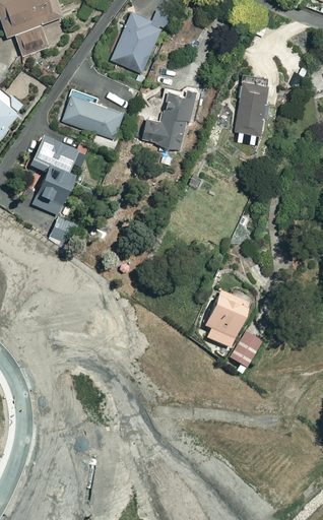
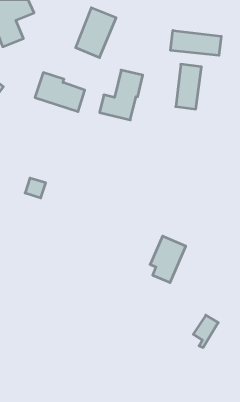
building: none -> [171,30,221,55]
building: [29,139,76,214] -> none
building: [230,333,260,373] -> [193,315,218,347]

